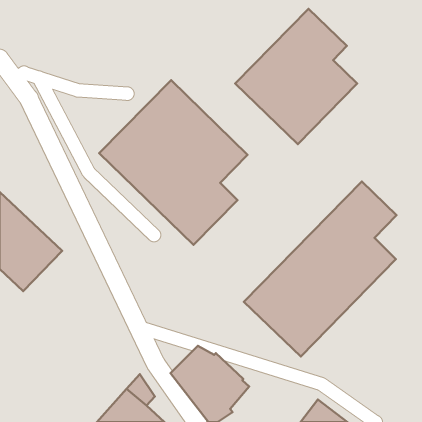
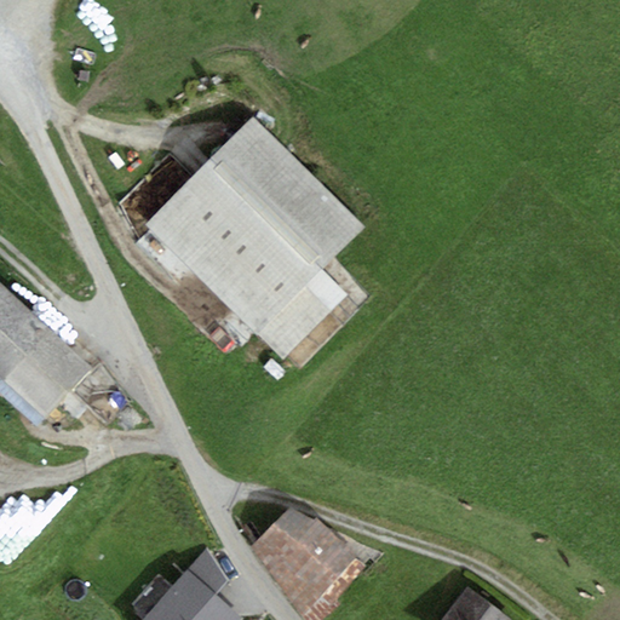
building: [235,9,357,144] -> none
building: [244,182,396,356] -> none

